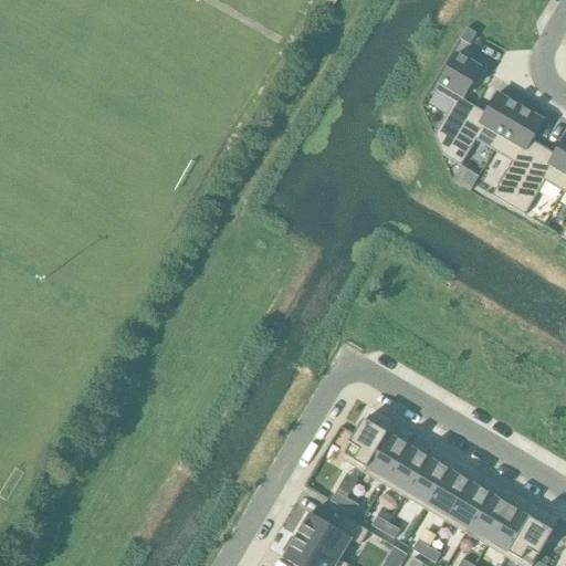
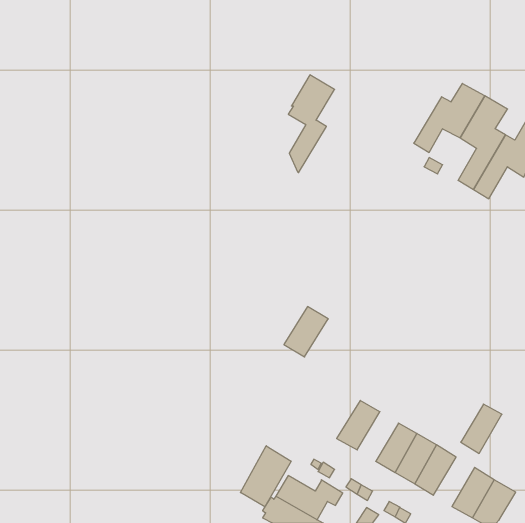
building: [434,49,484,154] -> [288,75,335,173]
building: [340,417,388,471] -> [284,307,328,357]
building: [385,442,429,495] -> none
building: none -> [240,446,291,507]
building: [467,491,511,544] -> [461,404,502,453]

